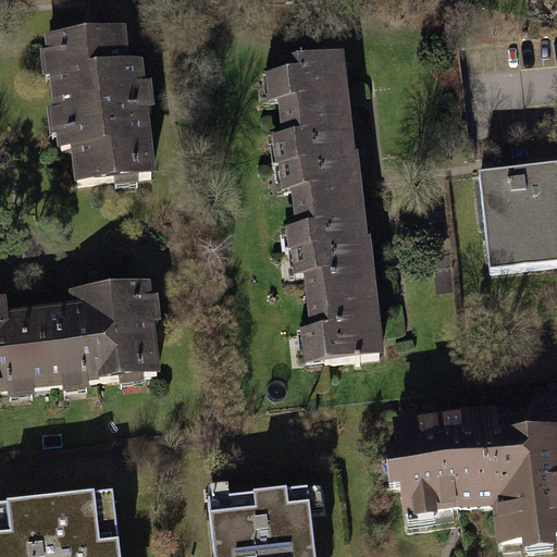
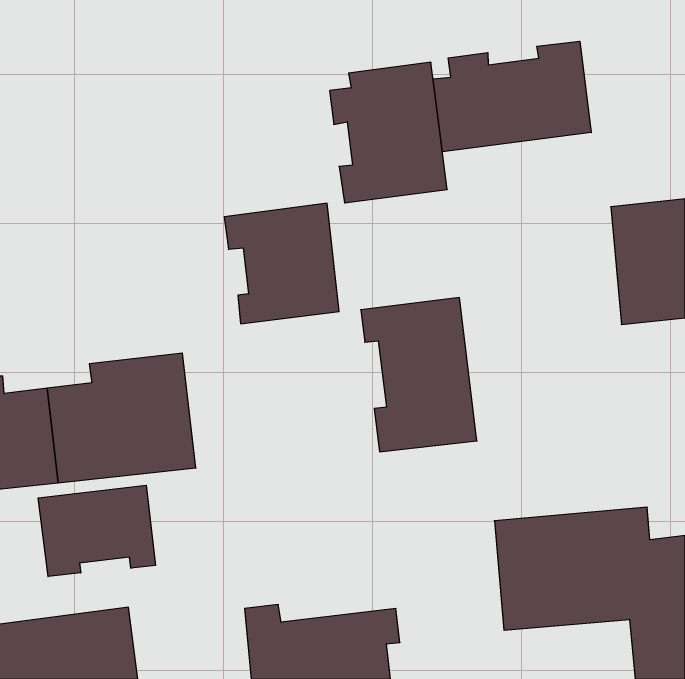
building: none -> [433,41,591,152]
building: [46,36,148,185] -> none
building: [277,152,370,249] -> [224,203,339,324]
building: none -> [38,485,155,577]

